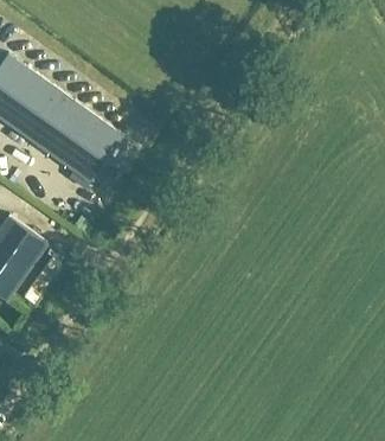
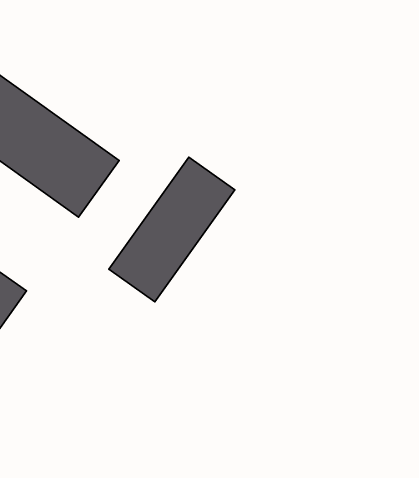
building: none -> [109,157,235,302]

